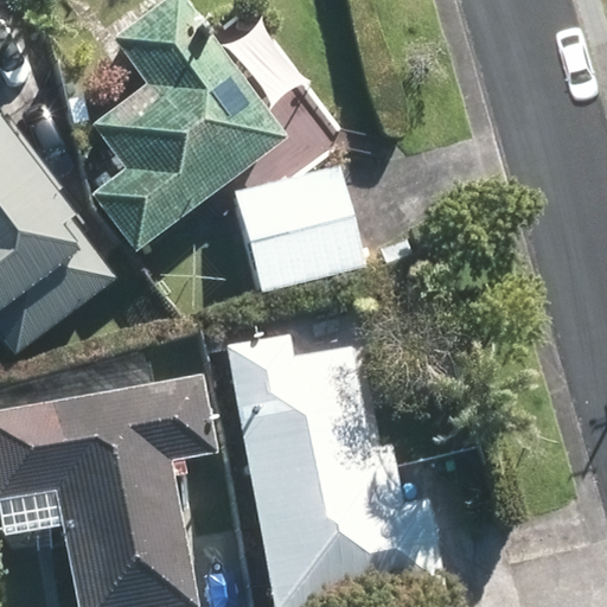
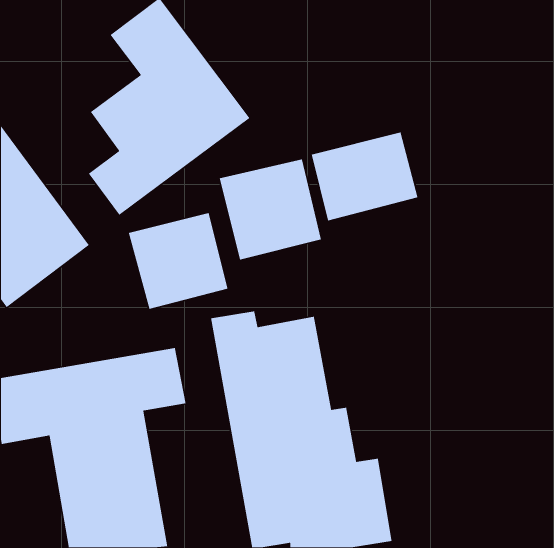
building: none -> [311,131,419,222]
building: none -> [128,212,228,310]

